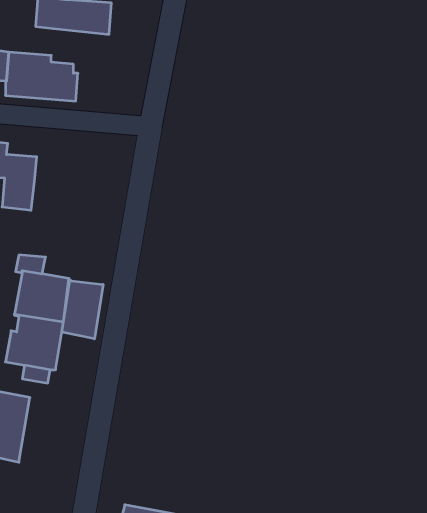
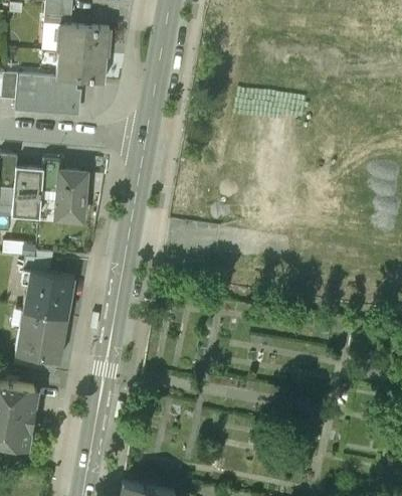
building: none -> [57,51,108,86]
building: none -> [42,157,87,218]
building: [62,280,103,339] -> none

